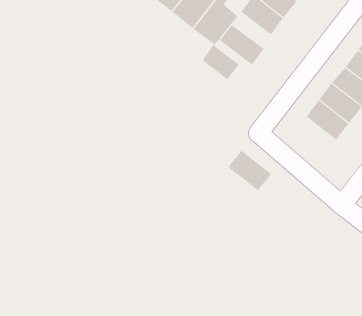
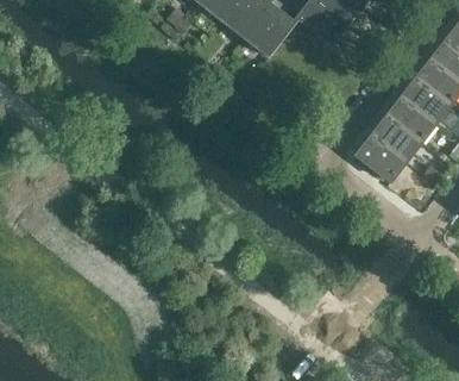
building: [219,24,264,65] -> none
building: [202,44,239,80] -> none
building: [228,150,272,191] -> [356,136,405,182]

